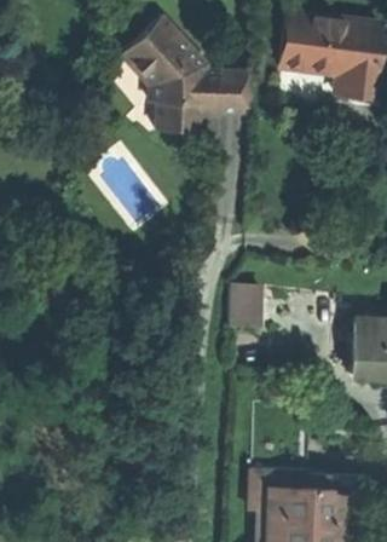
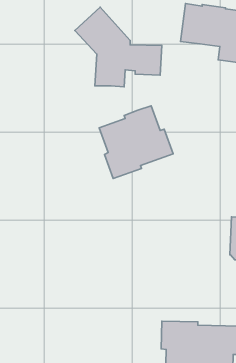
building: none -> [99,106,173,178]
building: [230,286,260,327] -> none

